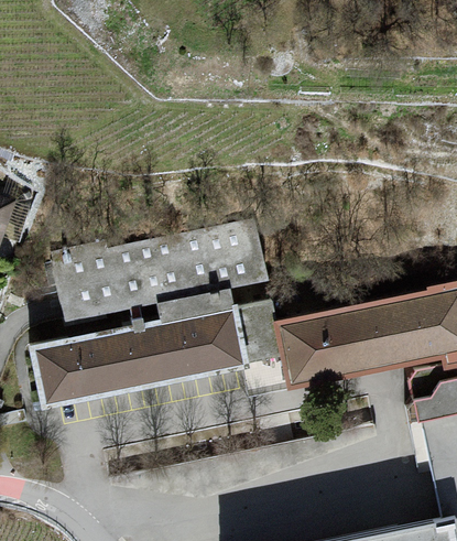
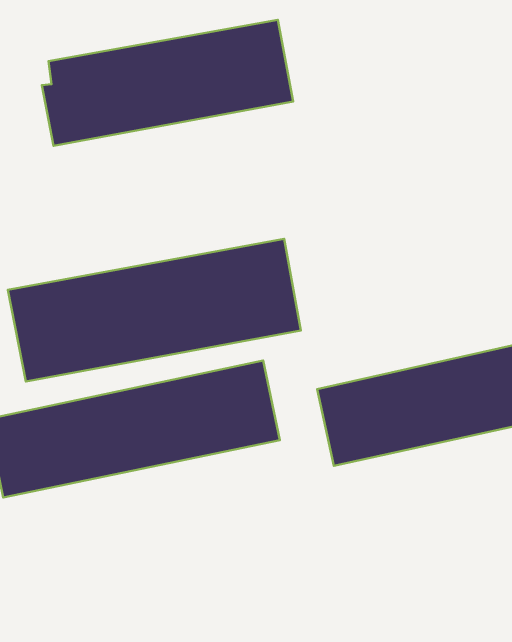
building: none -> [42,20,293,146]

